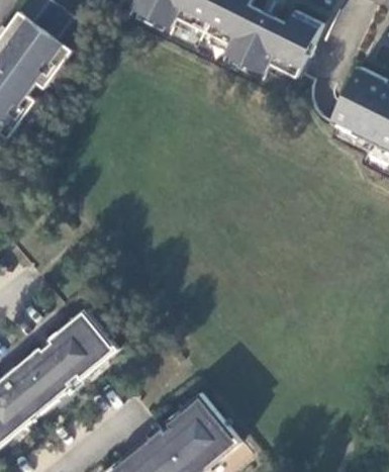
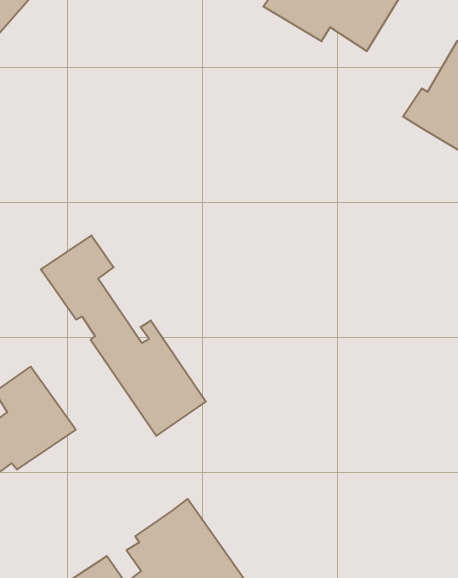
building: none -> [41,235,206,436]

